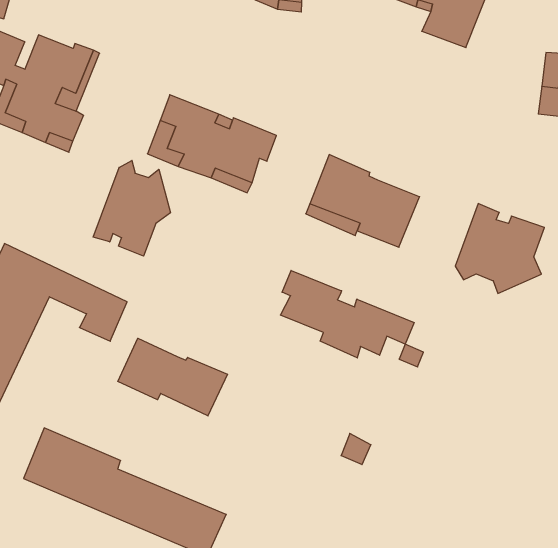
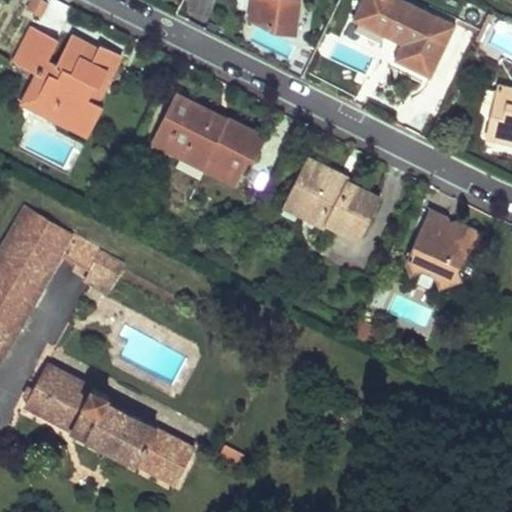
building: [93,160,170,256] -> none
building: [280,270,414,358] -> none
building: [118,338,227,416] -> none

